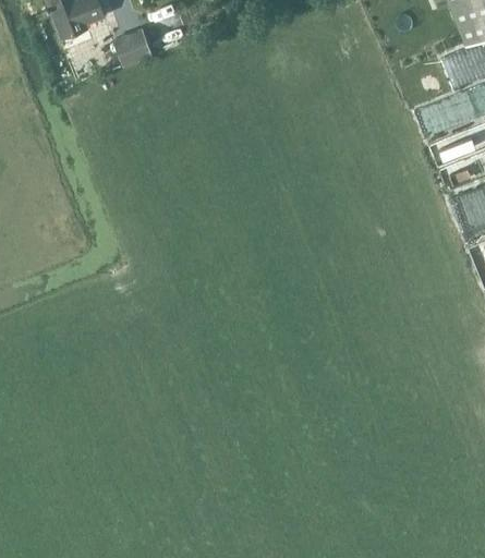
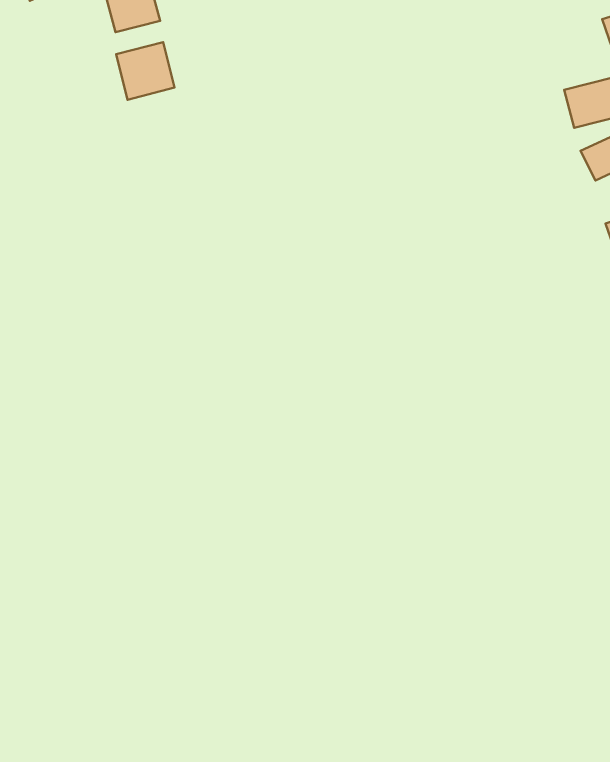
building: none -> [116,42,175,100]

